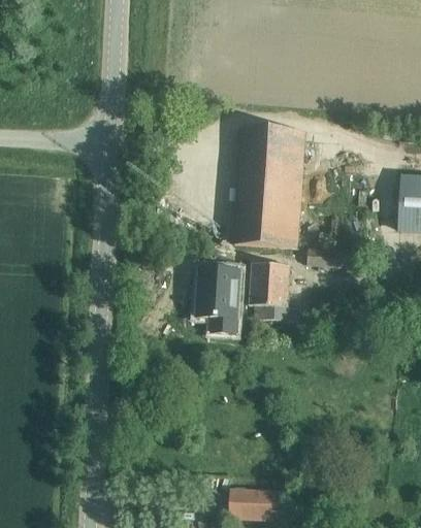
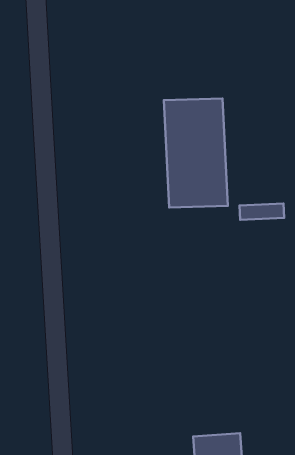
building: [250,262,290,320] -> none
building: [201,267,244,333] -> none

